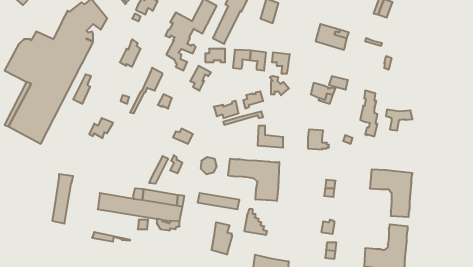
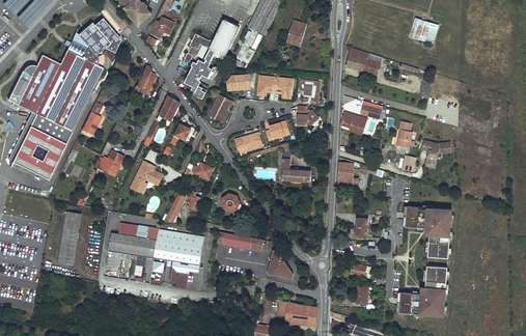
building: none -> [130,161,161,193]
building: [228,159,279,201] -> none
building: [212,222,232,255] -> none

